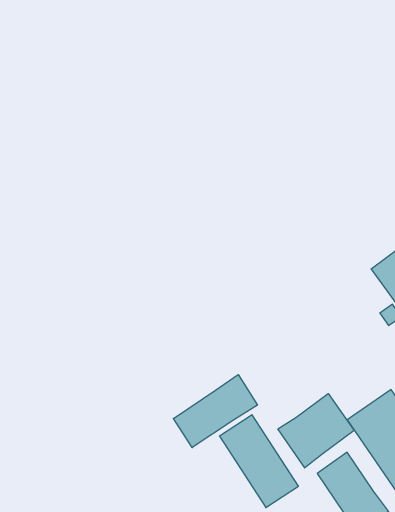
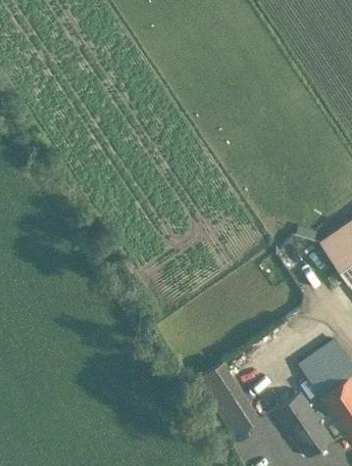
building: [173,375,257,448] -> none
building: [278,394,354,468] -> none

